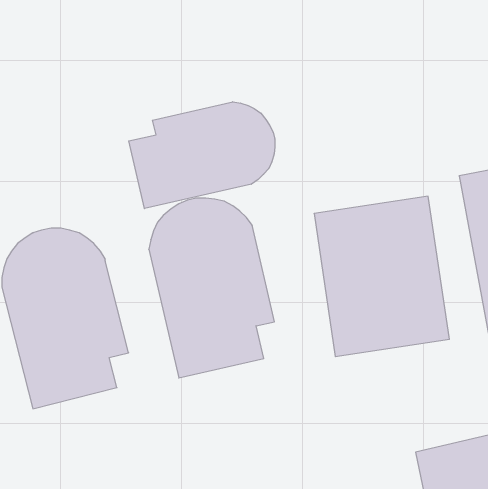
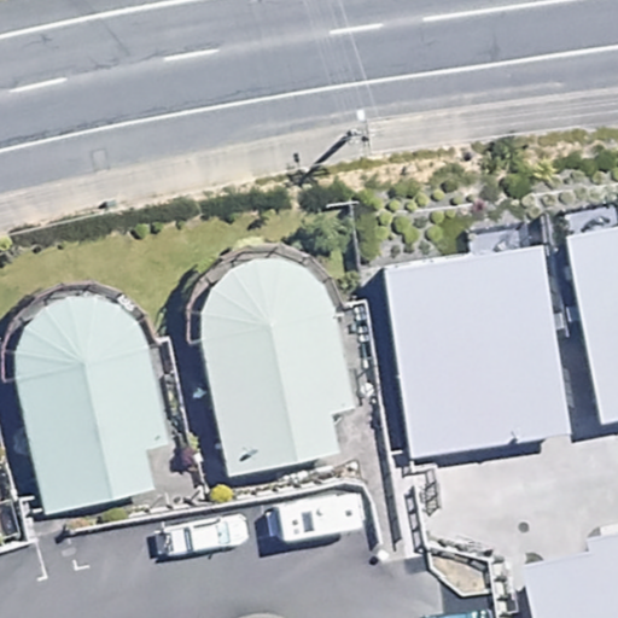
building: [129,102,275,209] -> none

